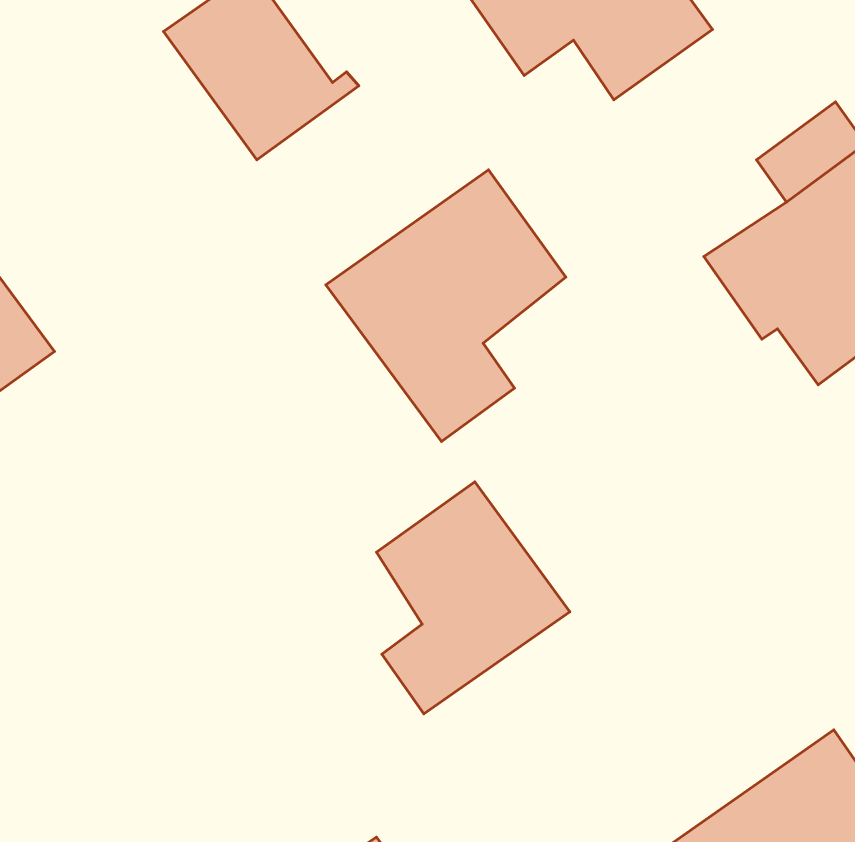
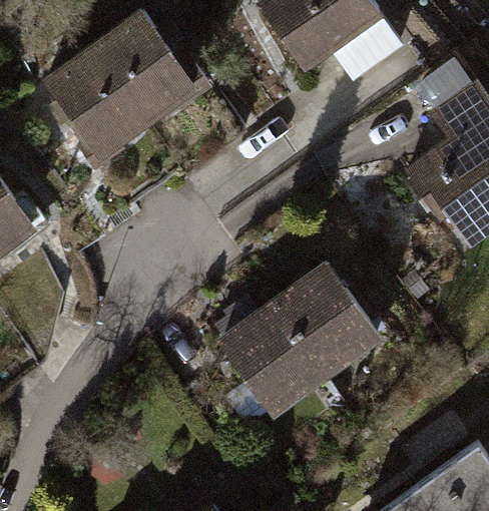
building: none -> [42,44,147,161]
building: [326,170,566,442] -> none
building: none -> [272,263,381,375]

